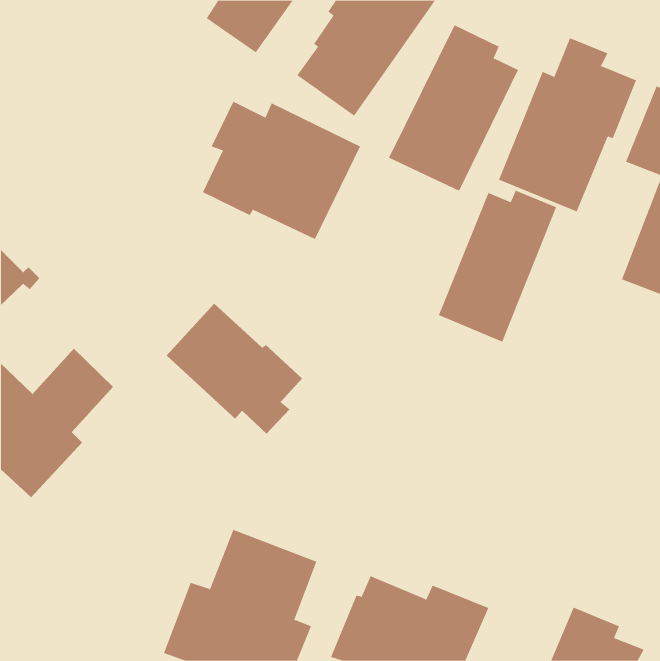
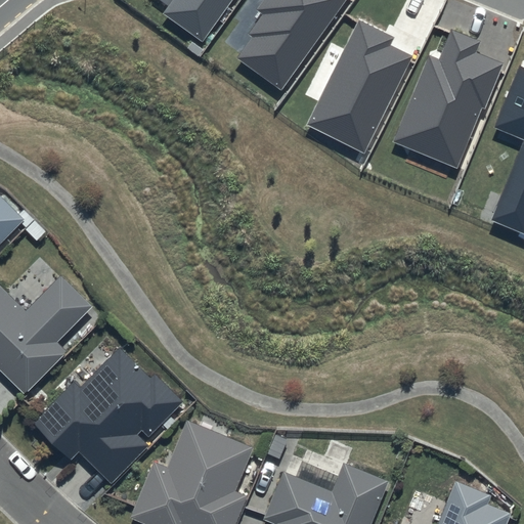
building: [202,101,361,240] -> none
building: [438,190,557,343] -> none
building: [166,303,303,435] -> none
building: none -> [32,347,182,482]

